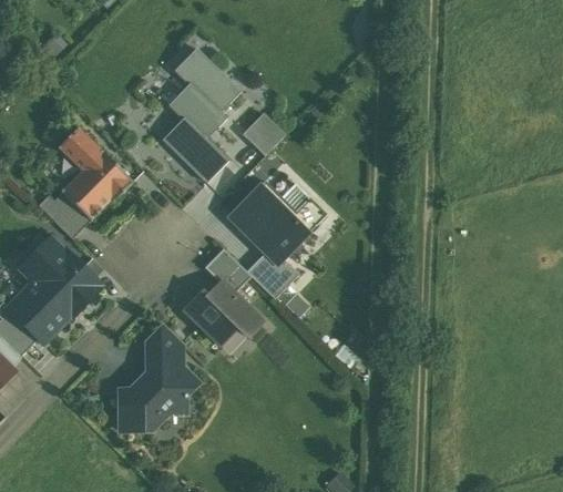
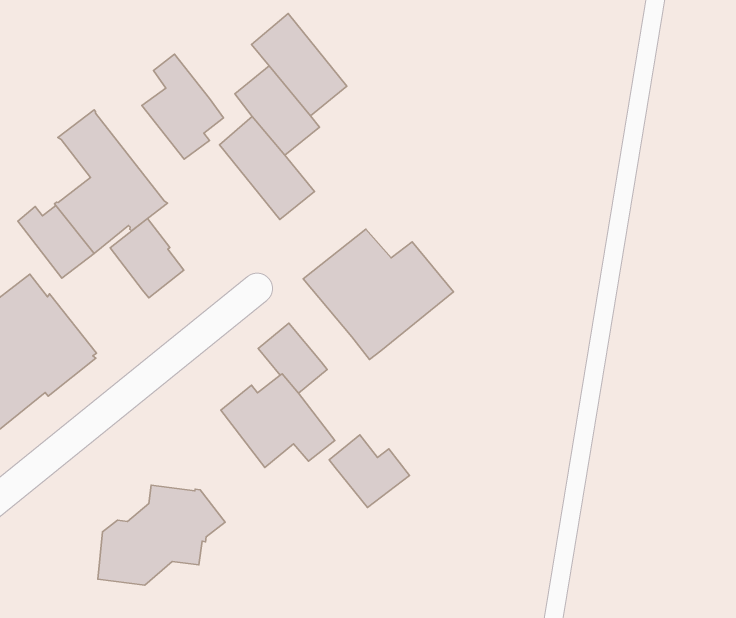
building: none -> [142,54,223,159]
building: [242,112,284,153] -> none
building: none -> [110,219,184,298]
building: [246,252,299,298] -> [329,435,409,508]
building: [146,325,182,365] -> none

